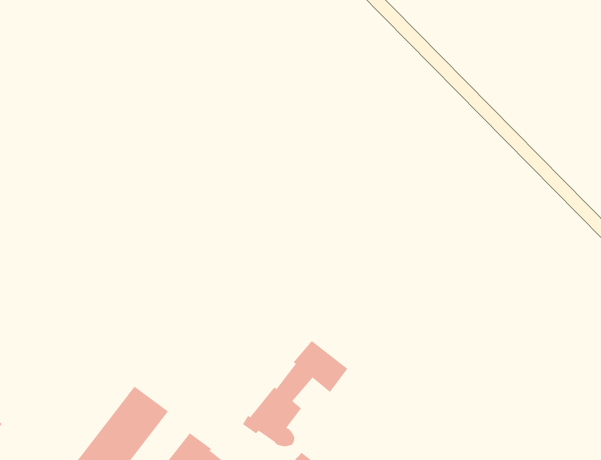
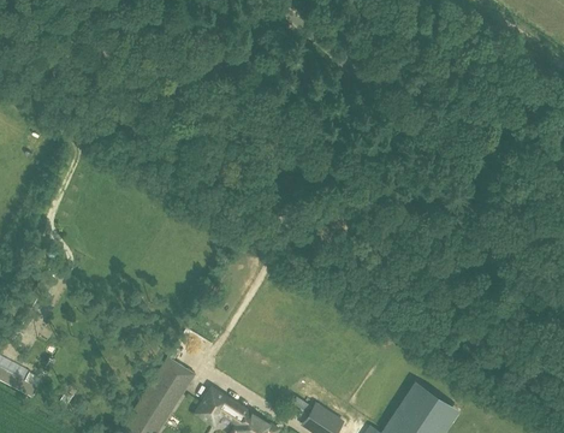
building: [242,340,348,447] -> none

